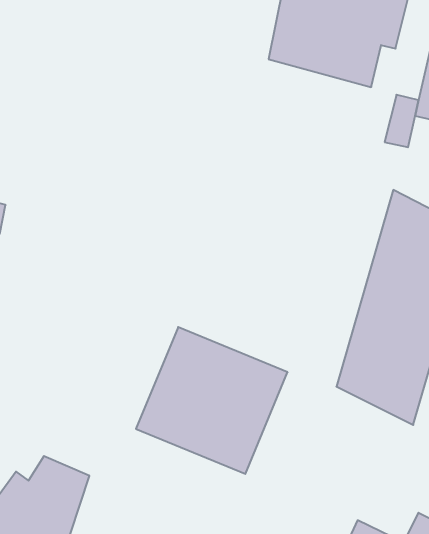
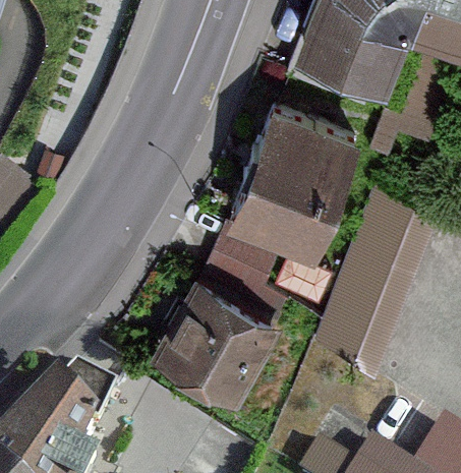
building: none -> [232,102,356,245]
building: none -> [206,219,282,291]

